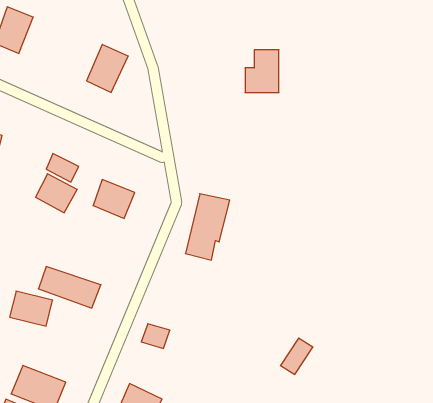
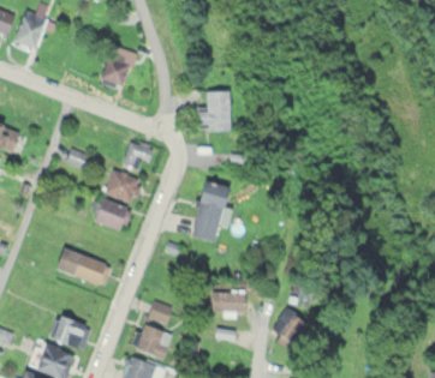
building: [245,50,279,93] -> [197,90,228,130]
building: none -> [121,139,154,169]
building: [36,174,77,213] -> [91,197,130,233]
building: [10,291,53,326] -> [50,316,90,348]
building: none -> [210,290,244,313]
building: none -> [135,323,174,360]

